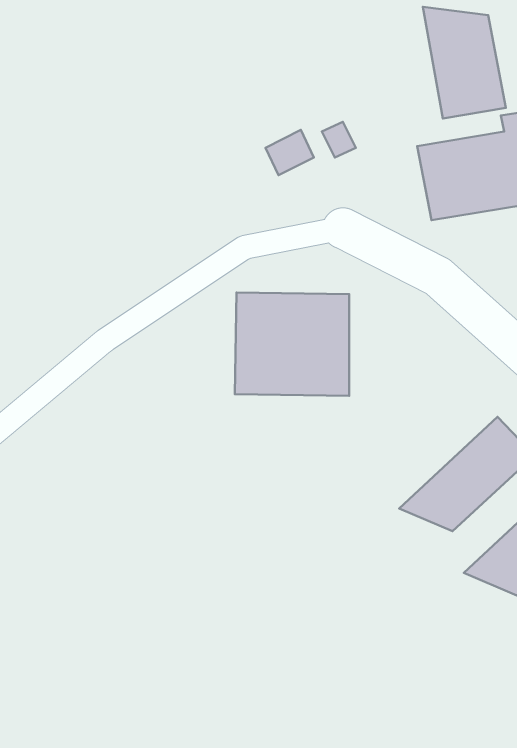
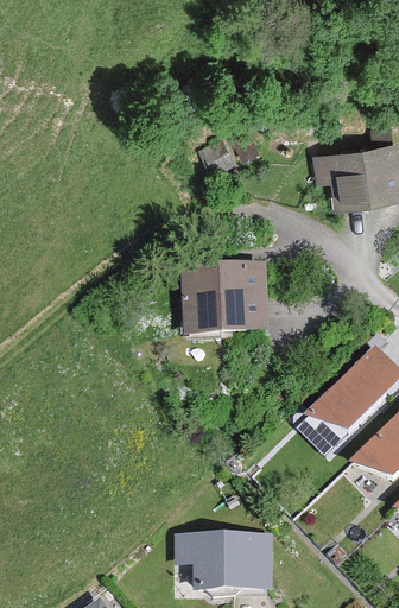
building: [423,7,506,118] -> none
building: none -> [175,533,278,583]

